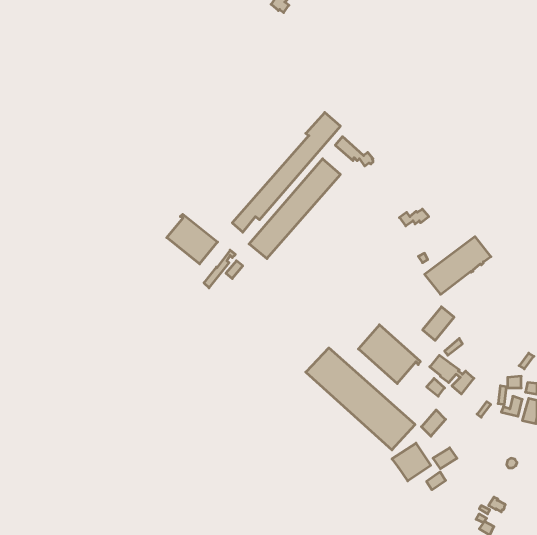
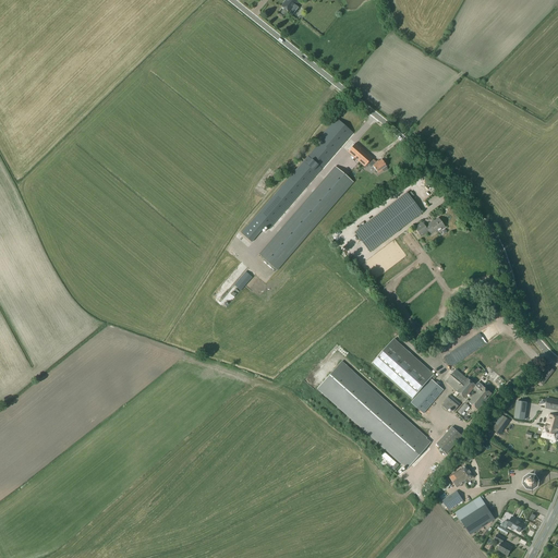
building: [167,214,218,264] -> none
building: [425,237,491,294] -> [354,191,423,251]
building: [423,307,454,340] -> [411,377,444,412]
building: [392,443,431,481] -> [454,495,495,534]

